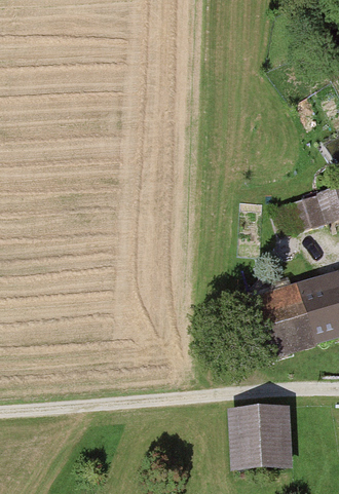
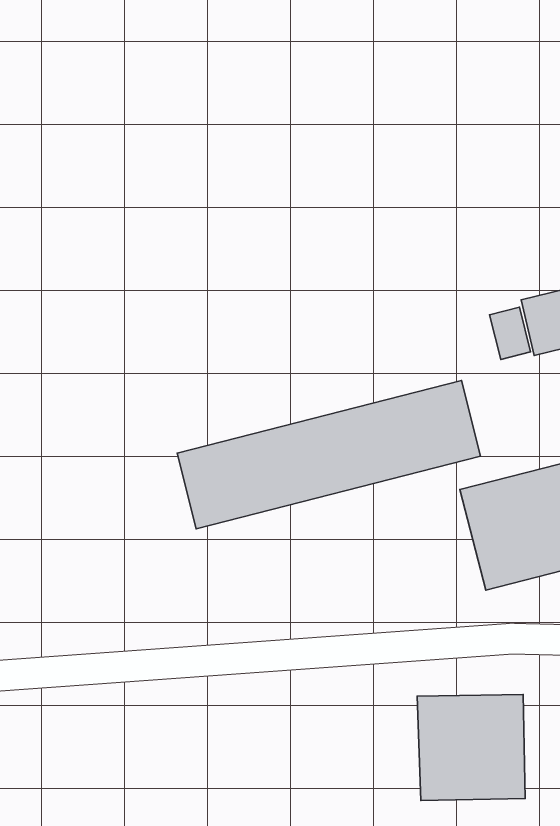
building: none -> [177,380,481,529]

